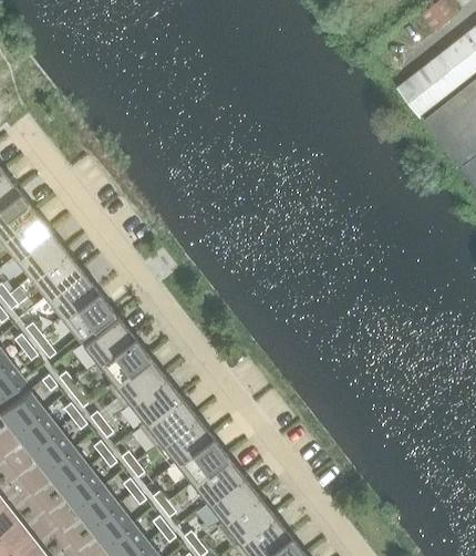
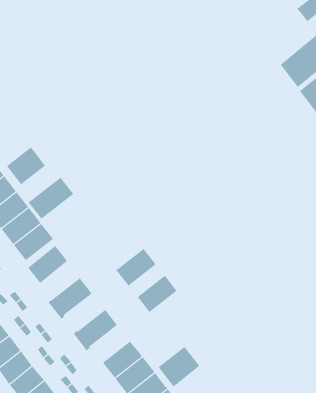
building: none -> [6,146,46,185]
building: none -> [28,177,74,220]
building: [96,334,147,383] -> none
building: [127,375,179,423] -> [115,248,157,286]
building: [159,415,210,463] -> [137,275,177,313]
building: none -> [158,346,200,387]

